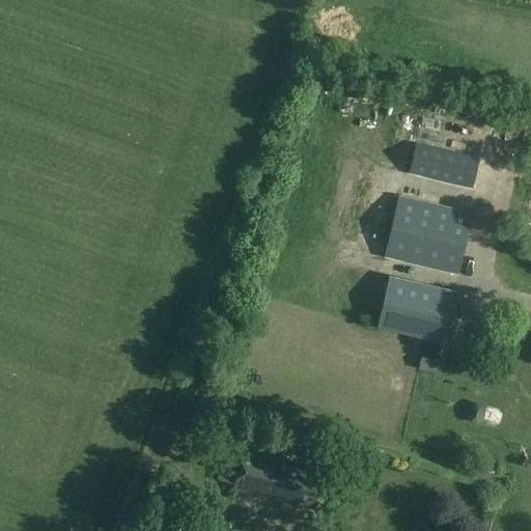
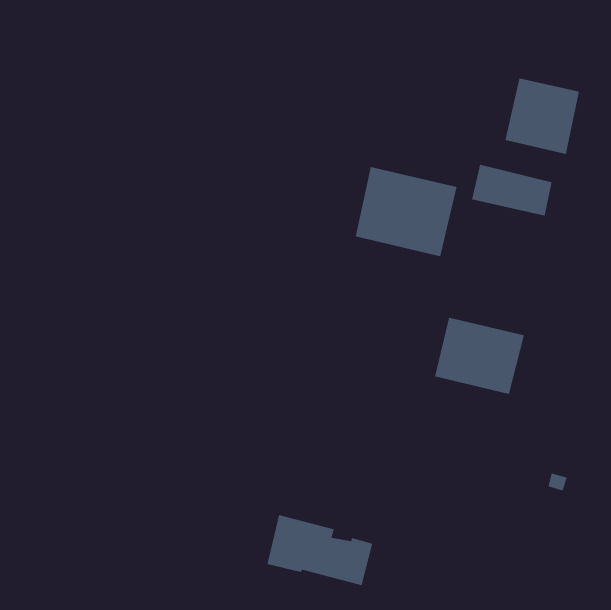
building: none -> [505,77,580,155]
building: [384,195,473,274] -> [355,166,458,257]

